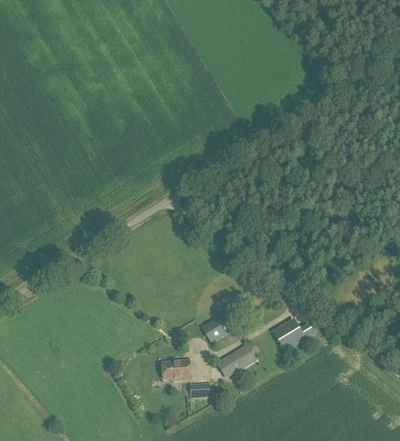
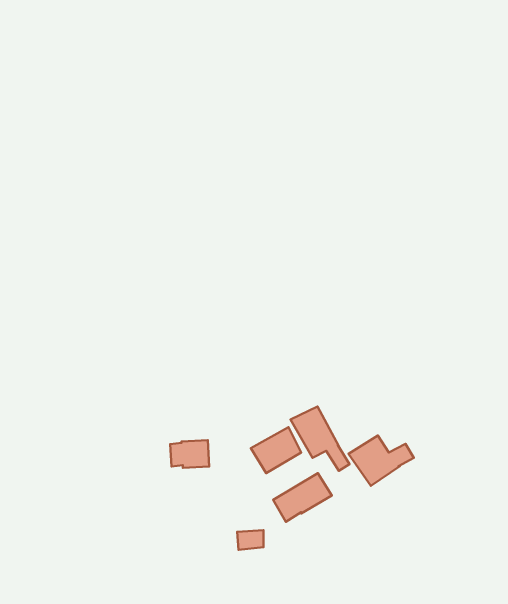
building: none -> [291,407,349,471]
building: [162,360,190,380] -> [170,440,209,468]

